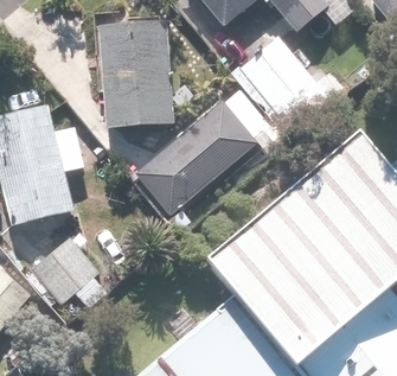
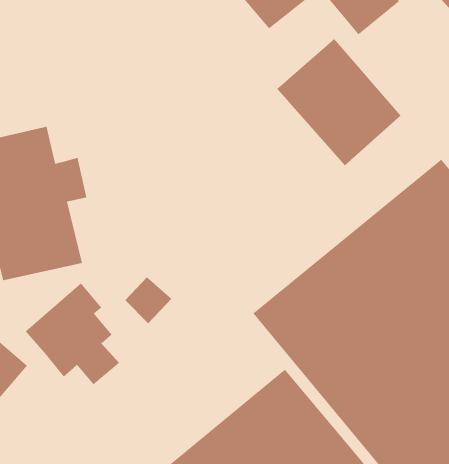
building: [101,18,173,128] -> none
building: [133,91,271,217] -> none

